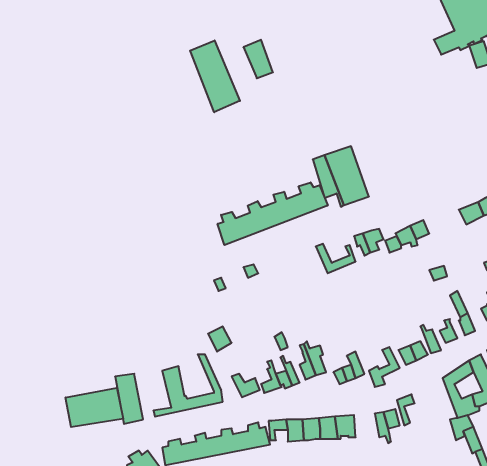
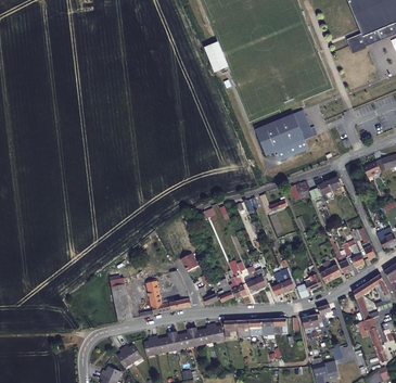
building: [190,40,240,112] -> none
building: none -> [284,114,315,157]
building: [218,182,328,245] -> none
building: [66,388,123,427] -> none

